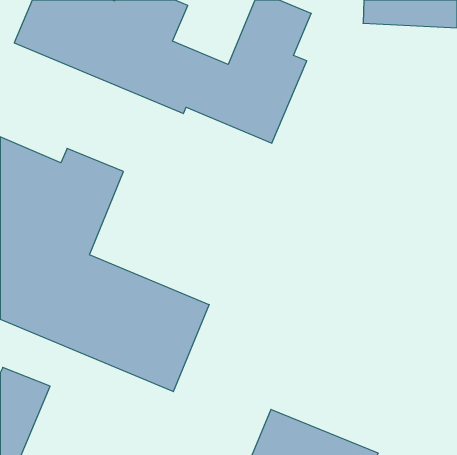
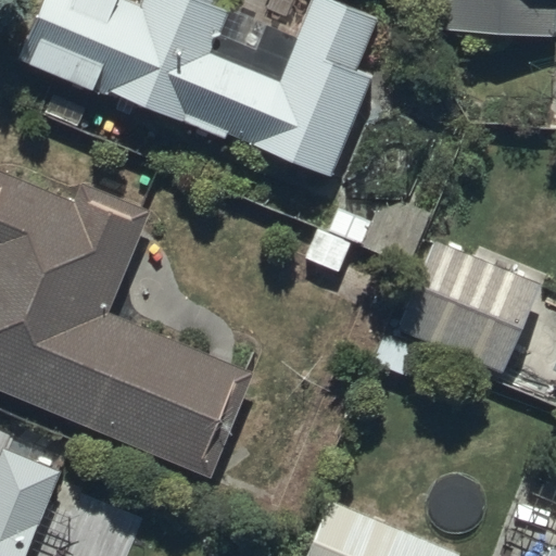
building: none -> [397,240,540,374]

